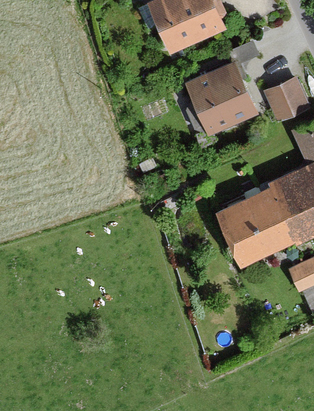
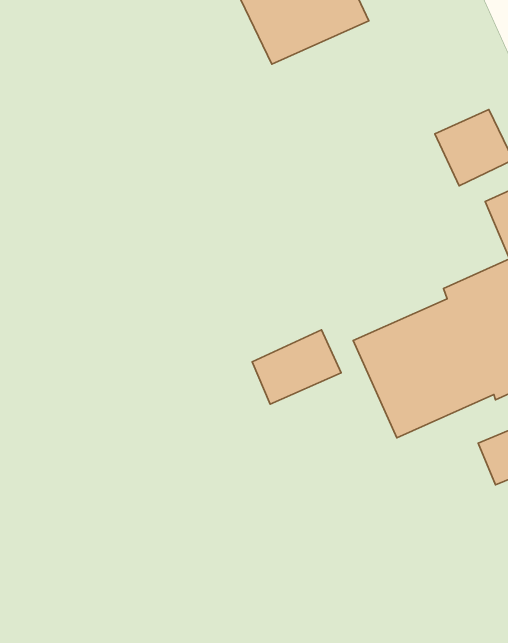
building: [185,60,258,136] -> none
building: none -> [252,330,341,404]

